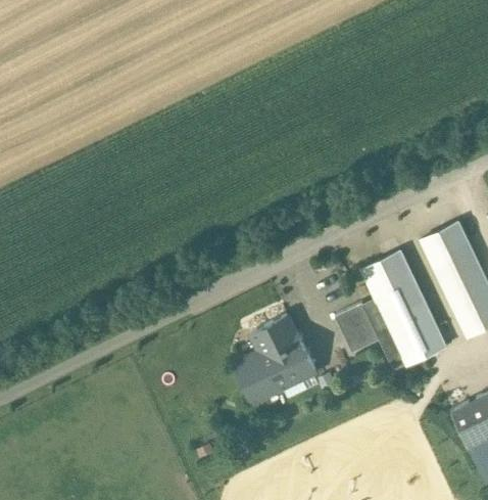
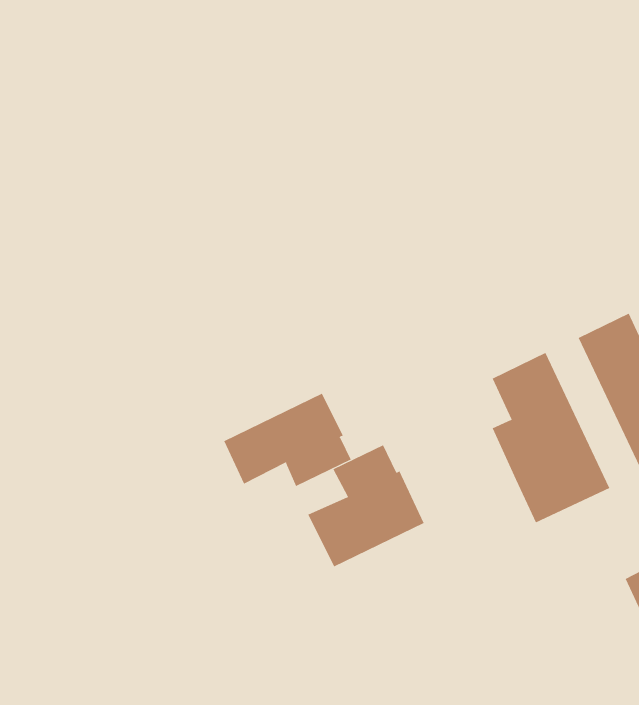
building: none -> [223,393,352,487]
building: [335,304,379,354] -> none

